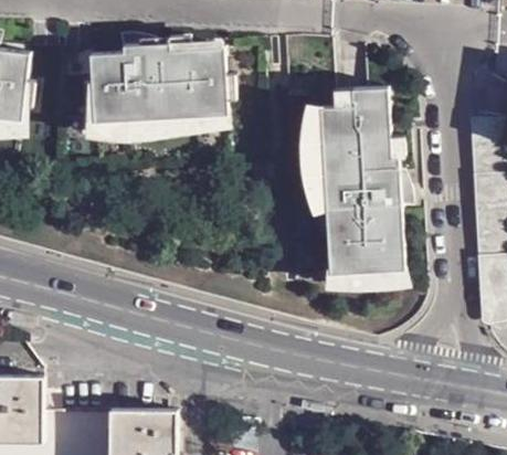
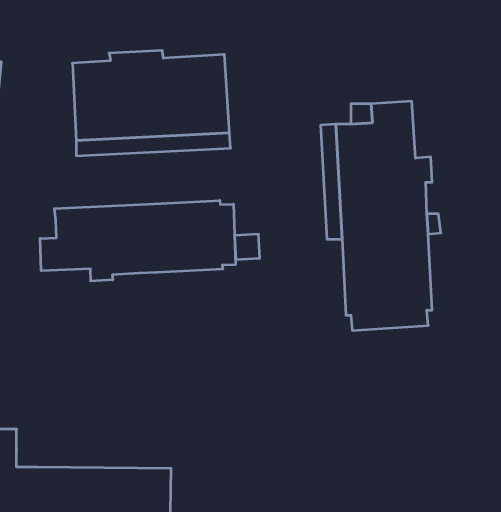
building: none -> [40,200,235,281]

